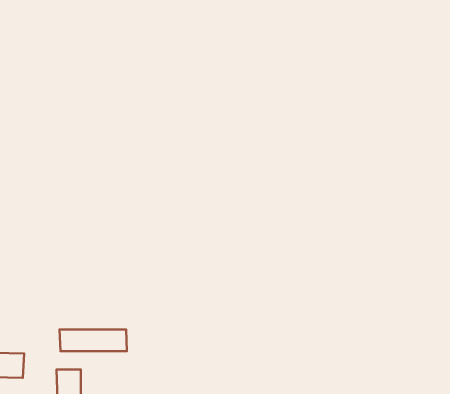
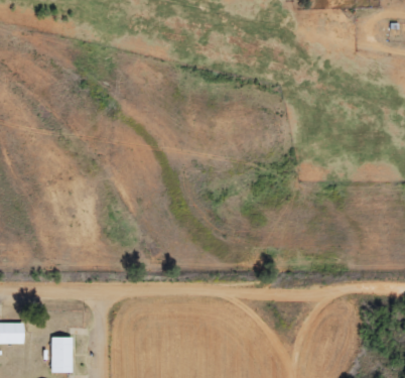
building: [60,330,127,351] -> none

